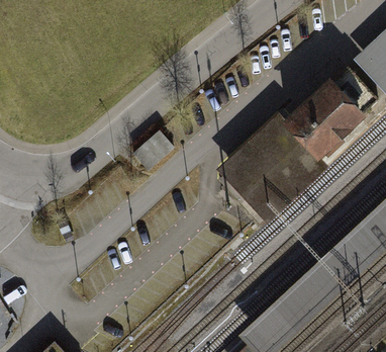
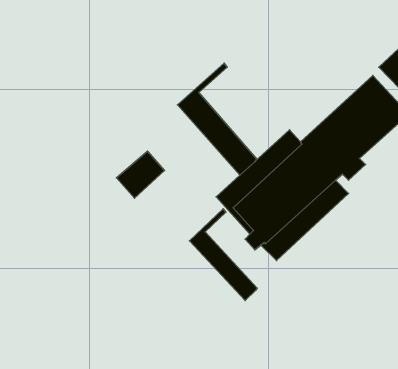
building: none -> [178,63,257,175]
building: none -> [189,209,257,300]

